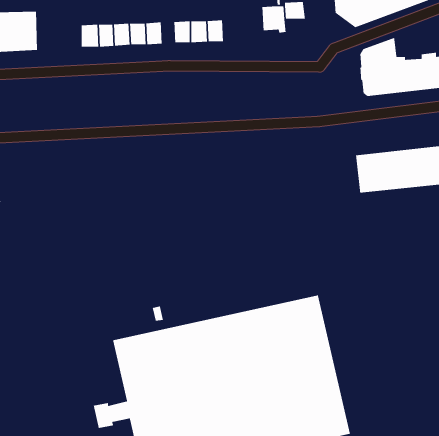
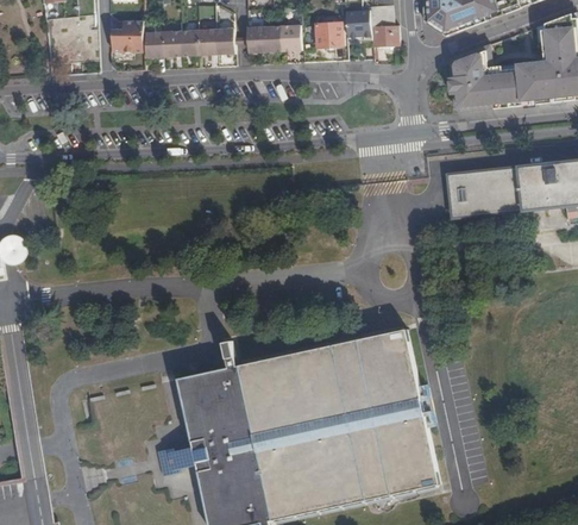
building: none -> [314,18,341,45]
building: none -> [111,20,143,51]
building: none -> [369,24,397,44]

